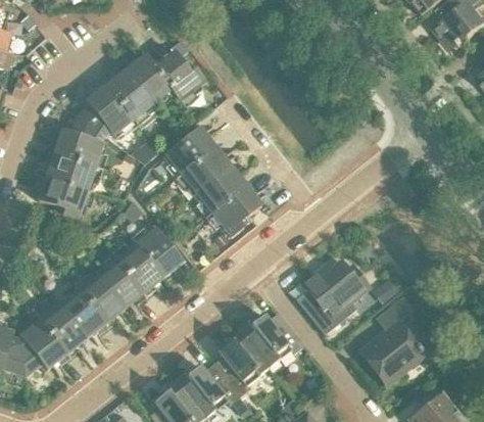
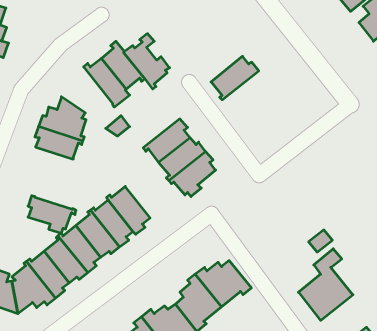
building: [76,81,137,141] -> none
building: [160,126,217,178] -> [211,56,259,100]
building: [37,175,94,220] -> [28,196,76,233]
building: [296,261,369,334] -> none

